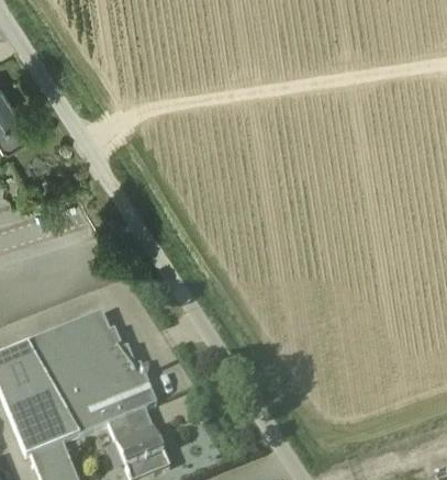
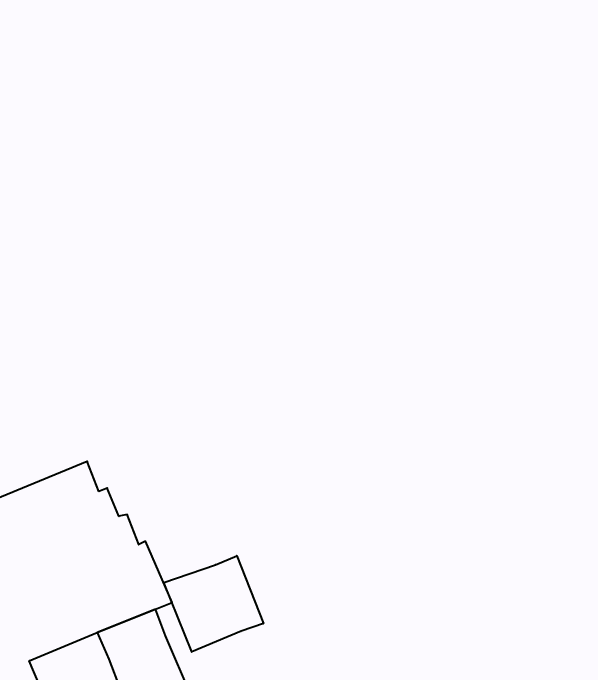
building: none -> [164,556,263,652]

